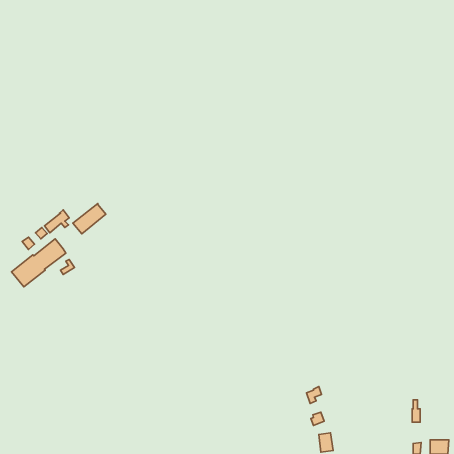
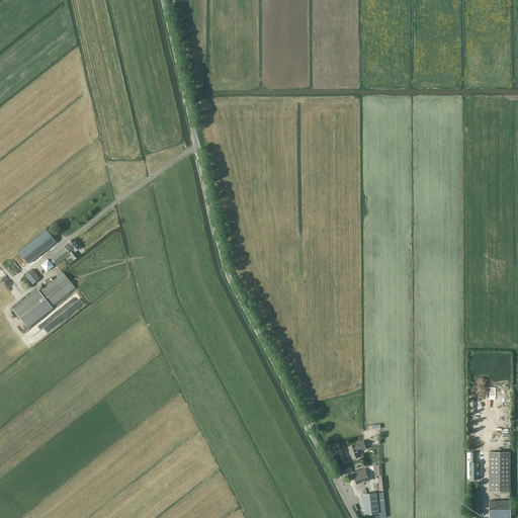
building: [73,204,106,234] -> [18,230,56,264]
building: none -> [489,452,510,492]

